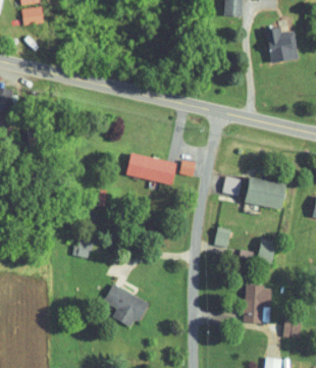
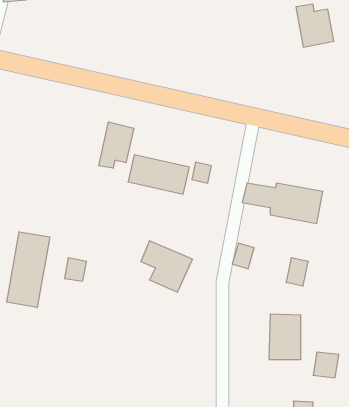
building: none -> [99,122,134,168]
building: none -> [7,232,50,308]
building: [104,285,147,328] -> [141,241,192,292]

